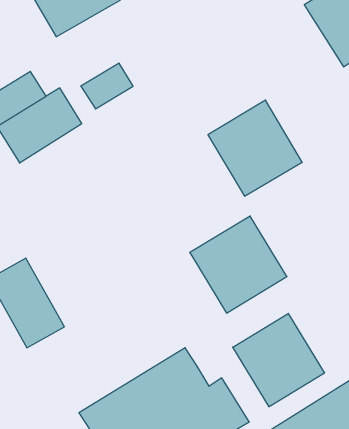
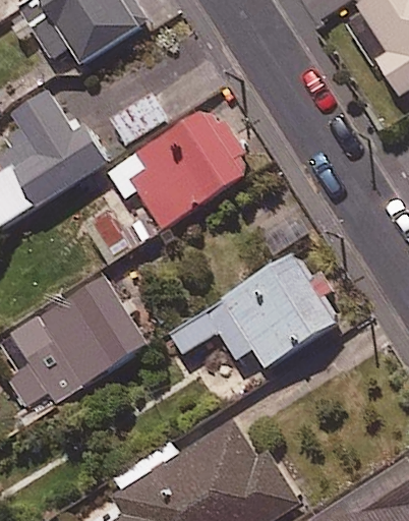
building: [208,100,302,196] -> [137,113,242,220]
building: none -> [44,277,150,389]
building: [233,313,324,407] -> none

